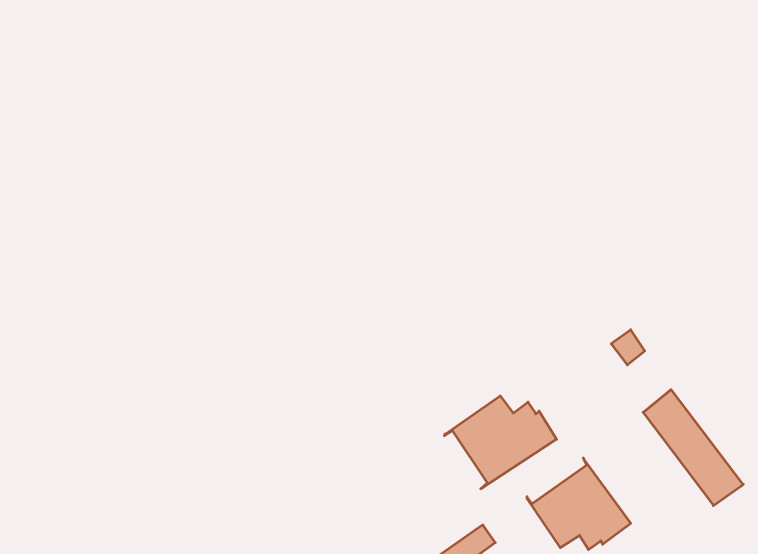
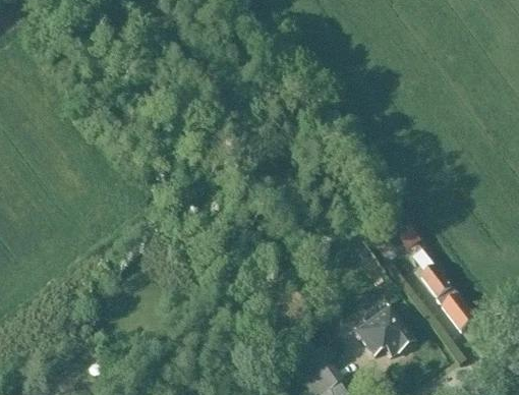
building: [444,396,557,489] -> none

